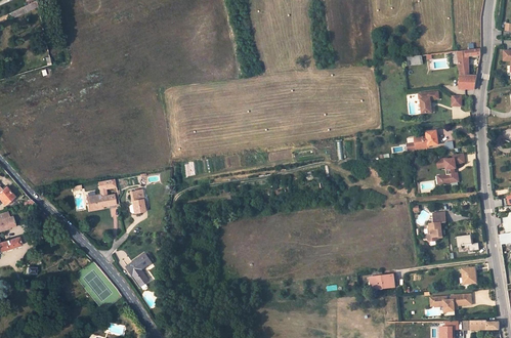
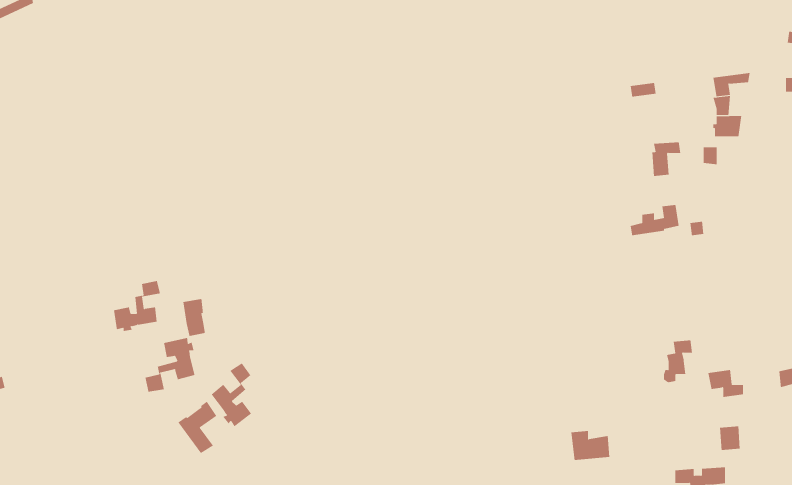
building: [436,155,464,184] -> none
building: none -> [145,337,195,393]
building: none -> [211,362,252,427]

